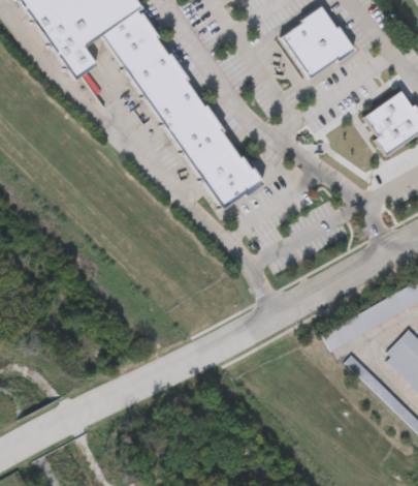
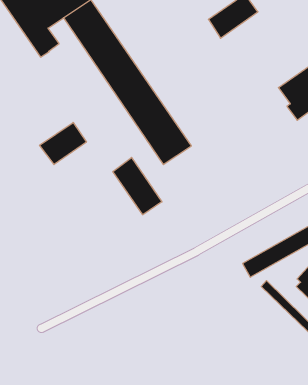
building: [295,26,356,81] -> none
building: none -> [40,122,86,165]
building: none -> [113,157,162,215]

